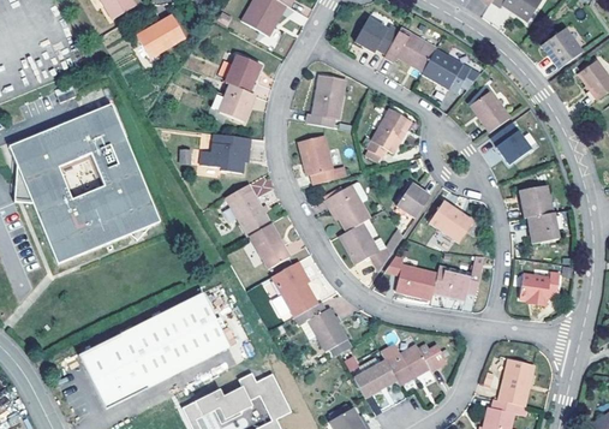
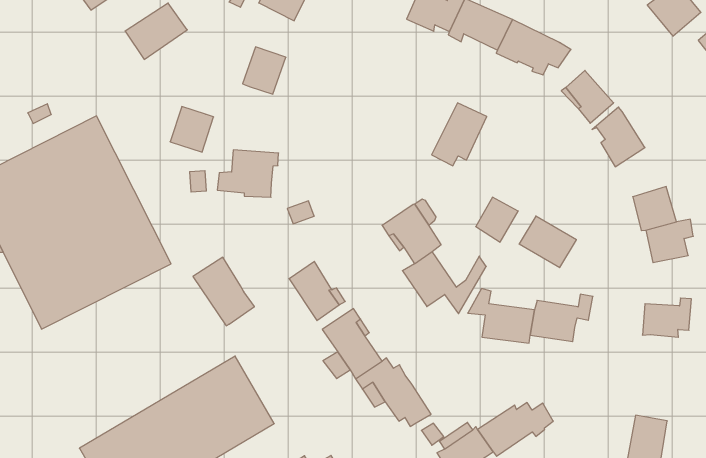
building: [306,76,346,127] -> none
building: [219,85,253,121] -> [170,107,214,152]
building: [299,137,338,185] -> none
building: [225,184,270,237] -> [193,257,254,326]

